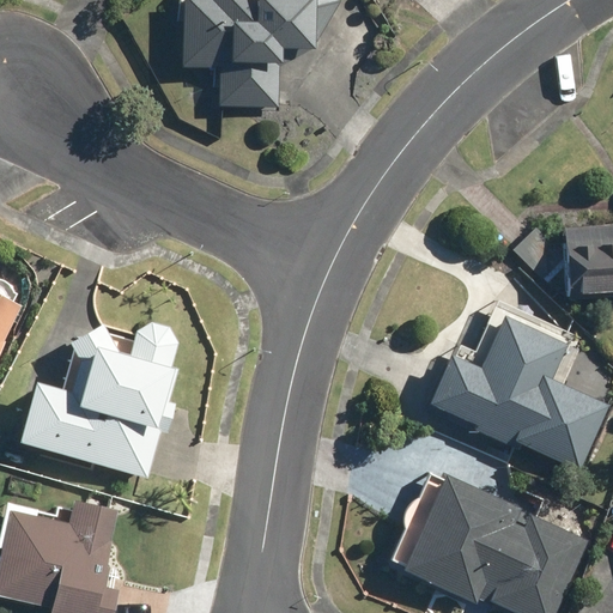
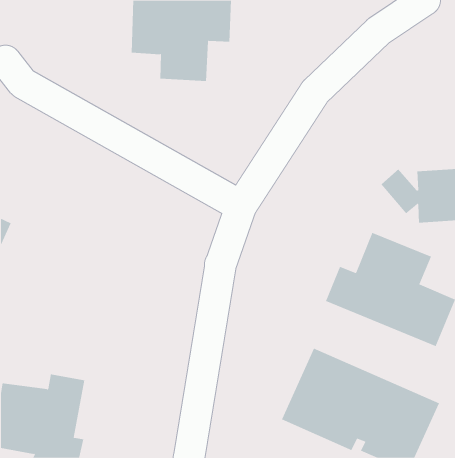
building: [13,321,178,481] -> none

